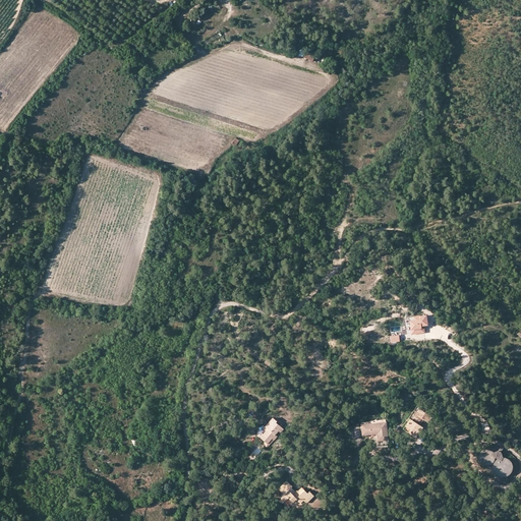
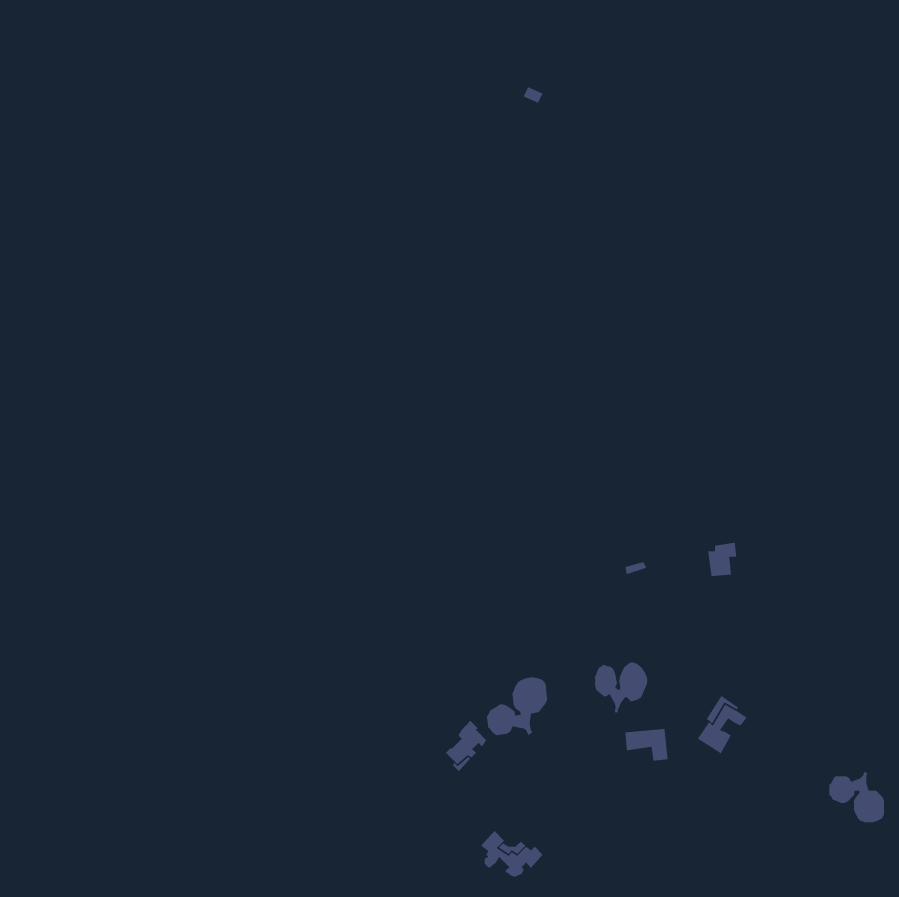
building: none -> [594,661,648,713]
building: none -> [486,677,548,736]

